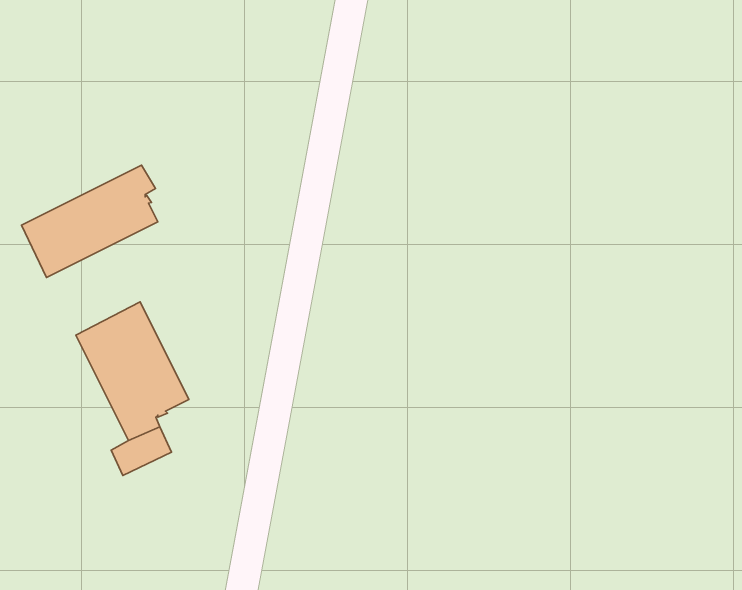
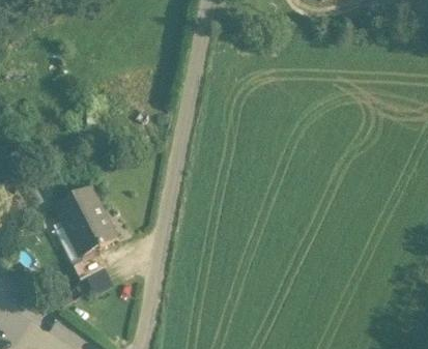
building: [22,165,158,277] -> none

